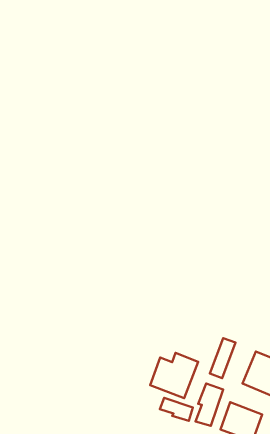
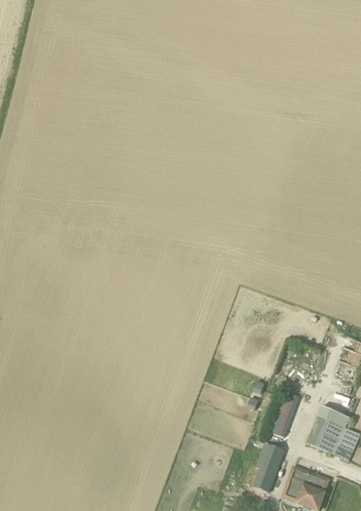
building: [150,353,198,398] -> none
building: [160,398,193,421] -> none

